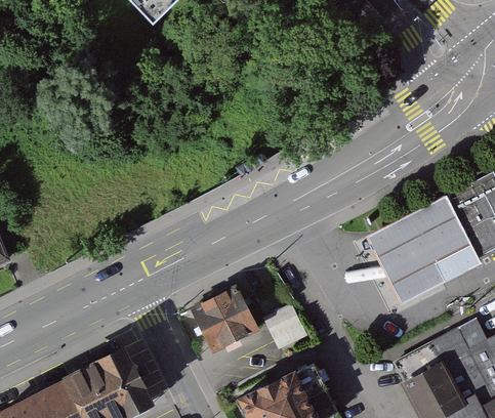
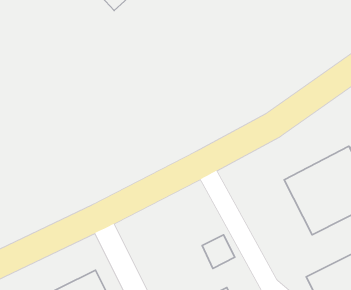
building: [191,286,260,352] -> none

